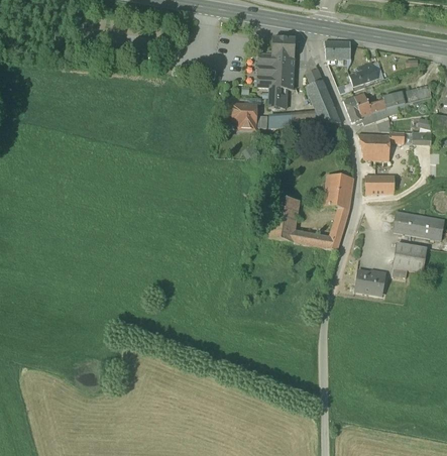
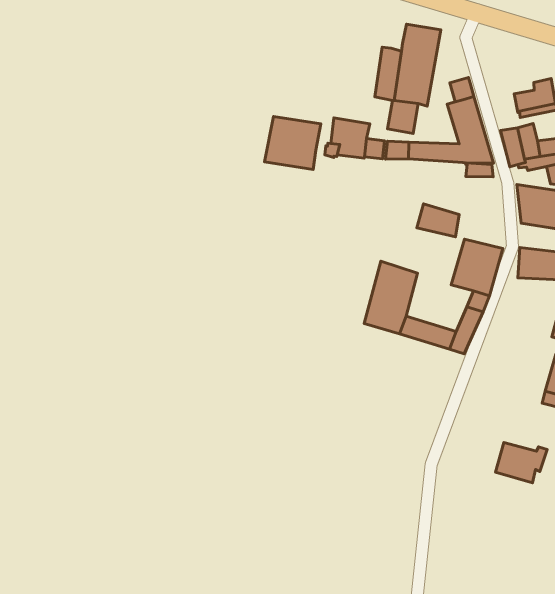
building: [325,40,351,58] -> none
building: none -> [265,116,321,170]
building: none -> [417,204,459,237]
building: [354,270,386,295] -> [496,443,547,483]

